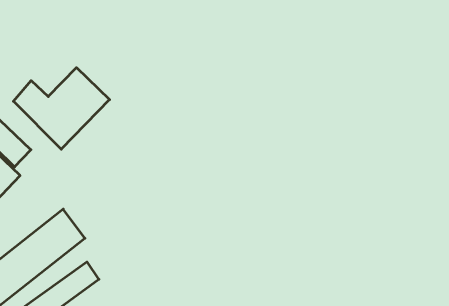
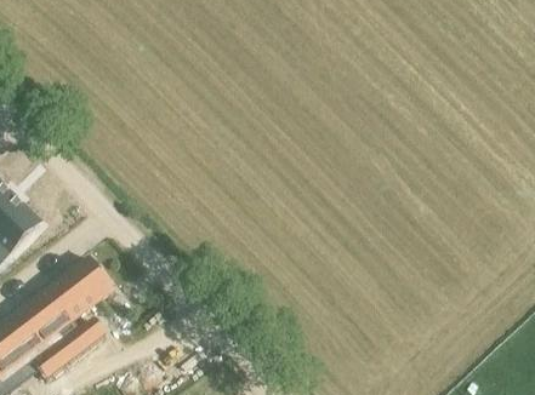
building: [13,68,110,149] -> none

